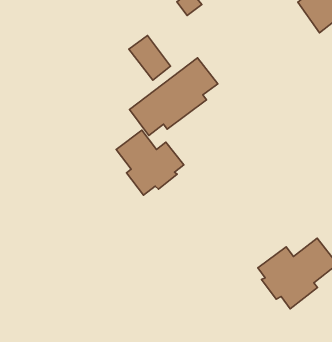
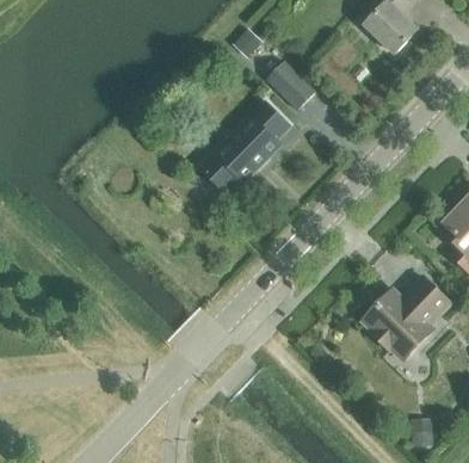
building: [129,35,170,80] -> [267,61,315,109]
building: [116,130,184,195] -> none

